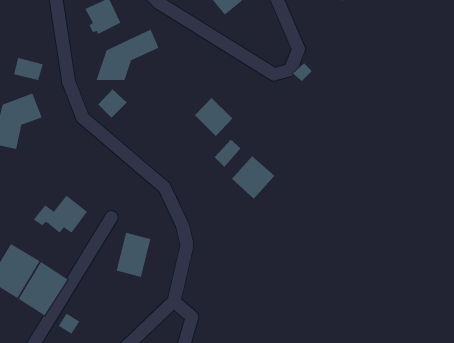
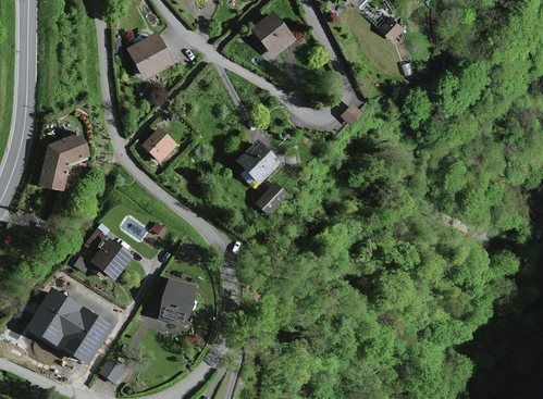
building: [96,29,159,81] -> none
building: [14,57,43,81] -> none
building: [231,155,275,199] -> none

